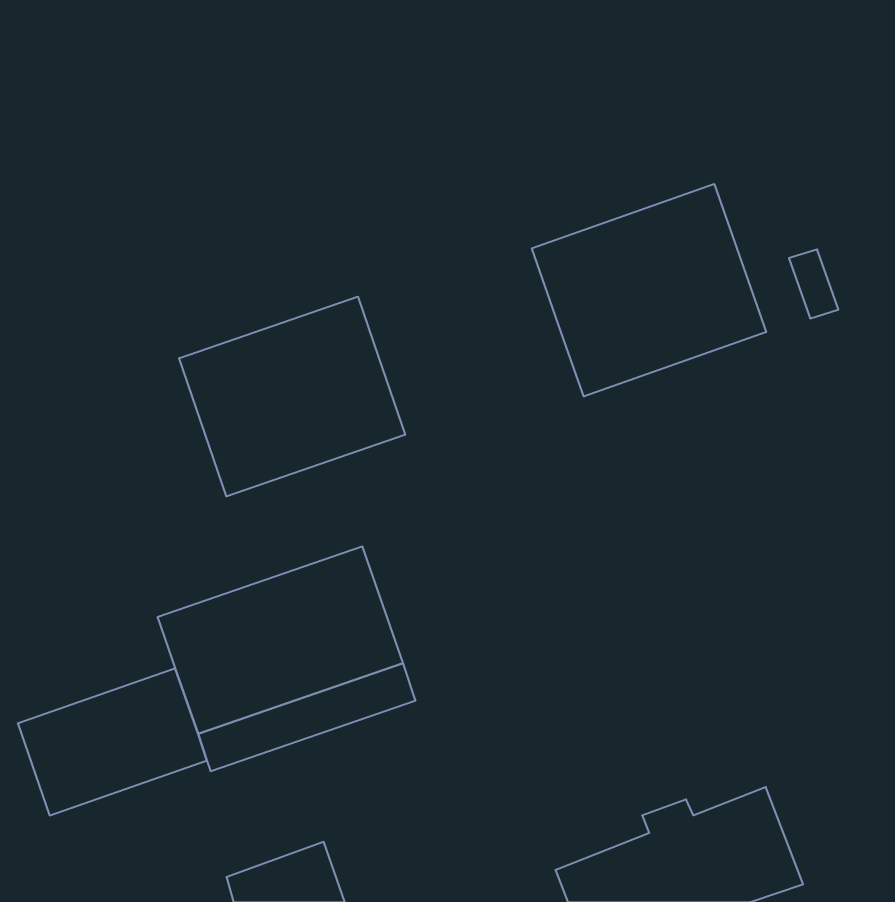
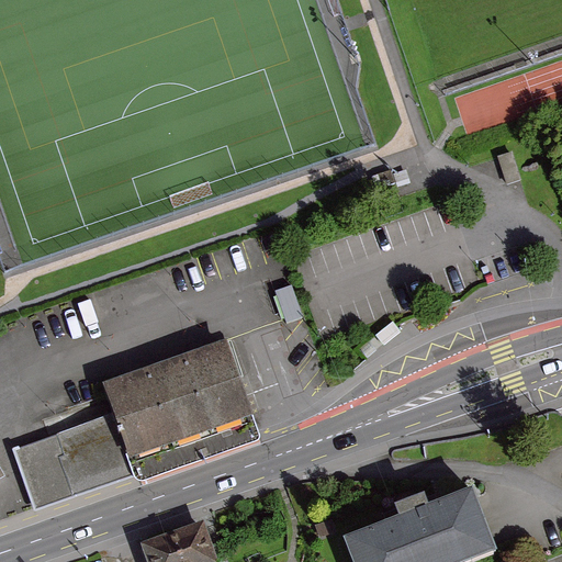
building: [532,184,766,397] -> none
building: [179,297,405,496] -> none

